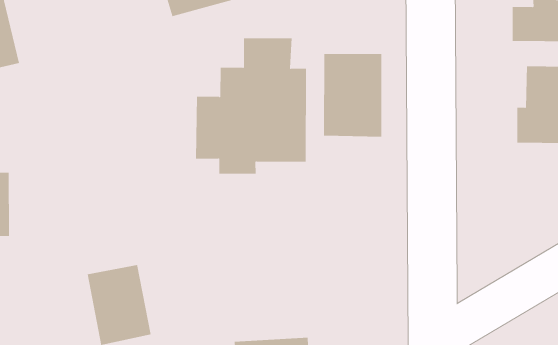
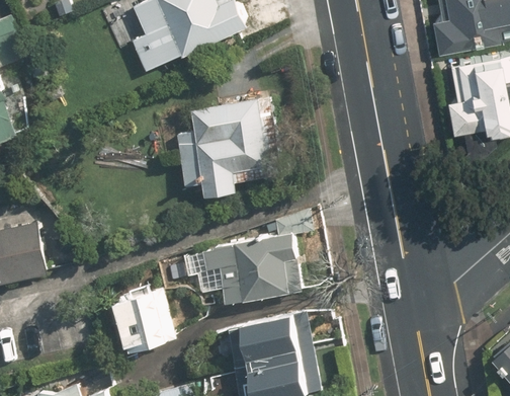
building: [323,53,382,137] -> none
building: none -> [184,231,306,307]

